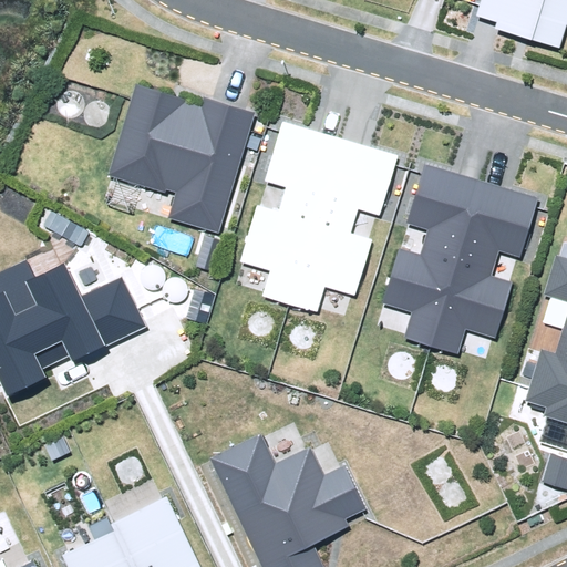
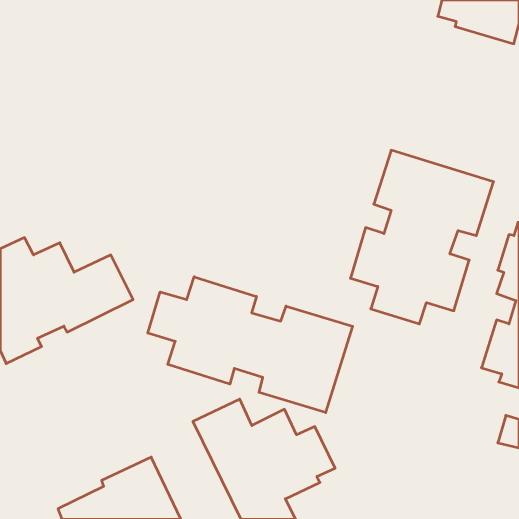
building: [110,85,255,233] -> none
building: [241,123,399,312] -> none
building: none -> [148,277,353,413]

